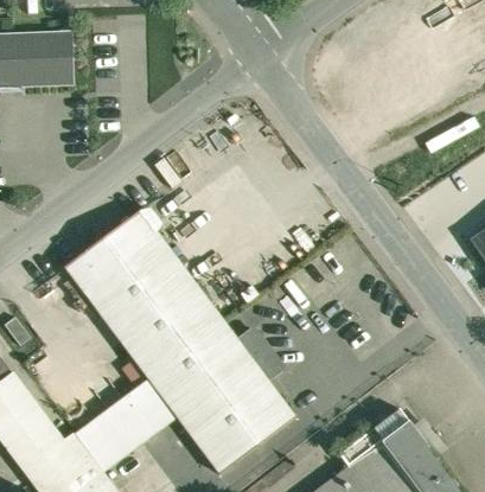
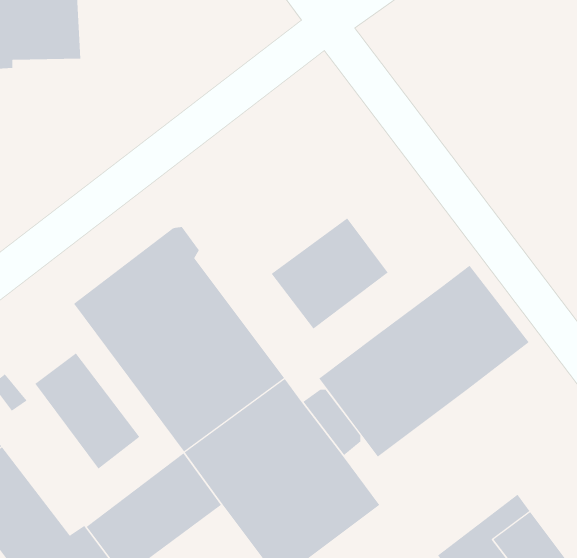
building: none -> [271,217,389,330]
building: none -> [318,265,530,457]
building: none -> [35,352,140,470]

